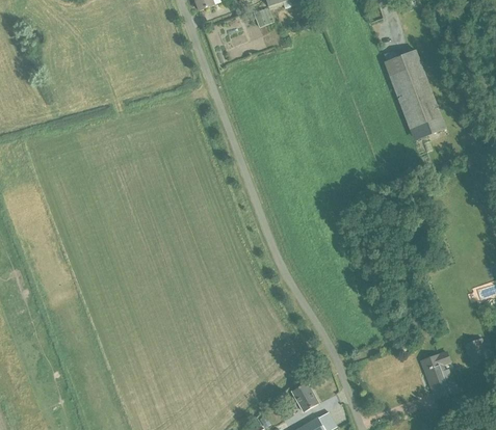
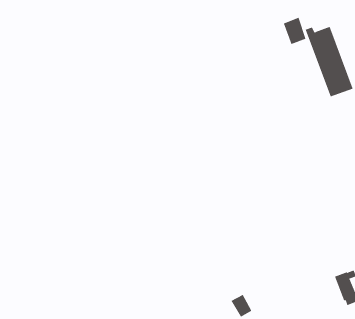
building: none -> [283,17,306,45]

